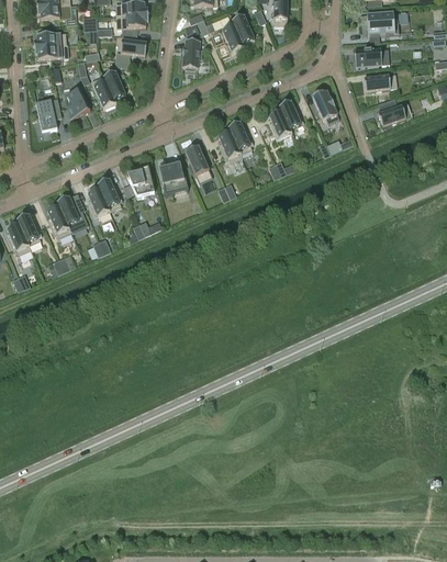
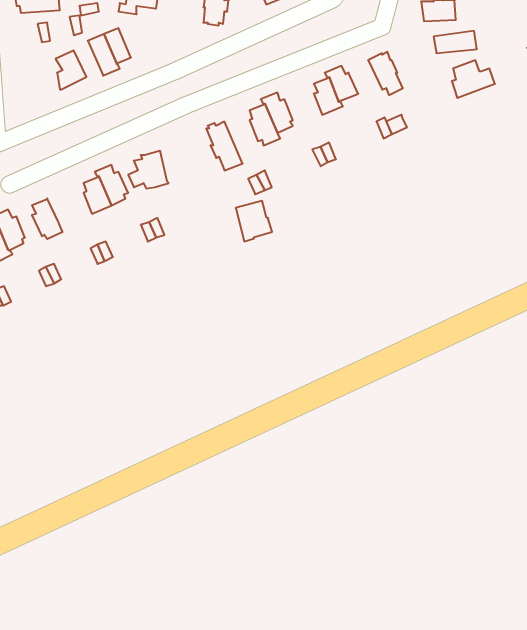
building: [35,97,59,131] -> none
building: [158,162,187,194] -> [236,201,272,241]
building: [56,195,87,231] -> none

